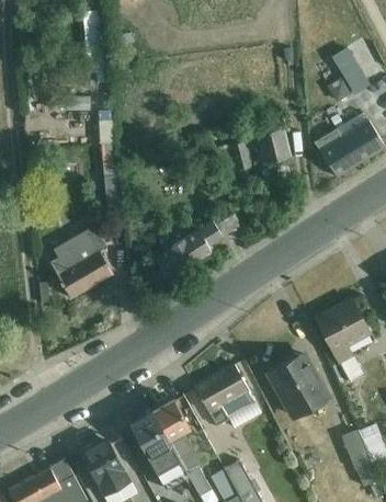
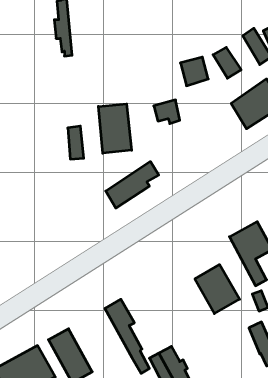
building: none -> [213,47,241,78]
building: [254,127,291,164] -> [180,57,208,86]
building: none -> [98,104,132,153]
building: [49,226,114,299] -> none
building: [194,365,261,429] -> none
building: [129,411,188,489] -> none

